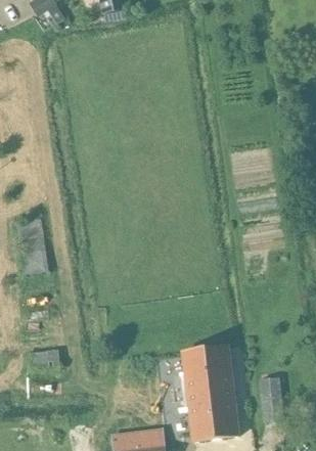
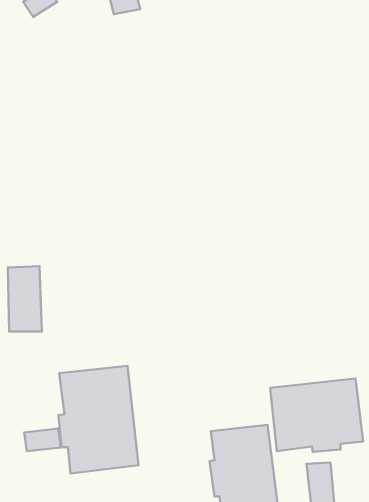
building: none -> [59,366,139,473]
building: none -> [270,378,363,452]

